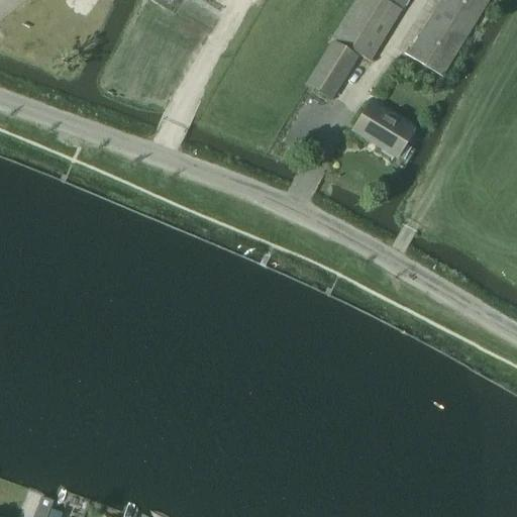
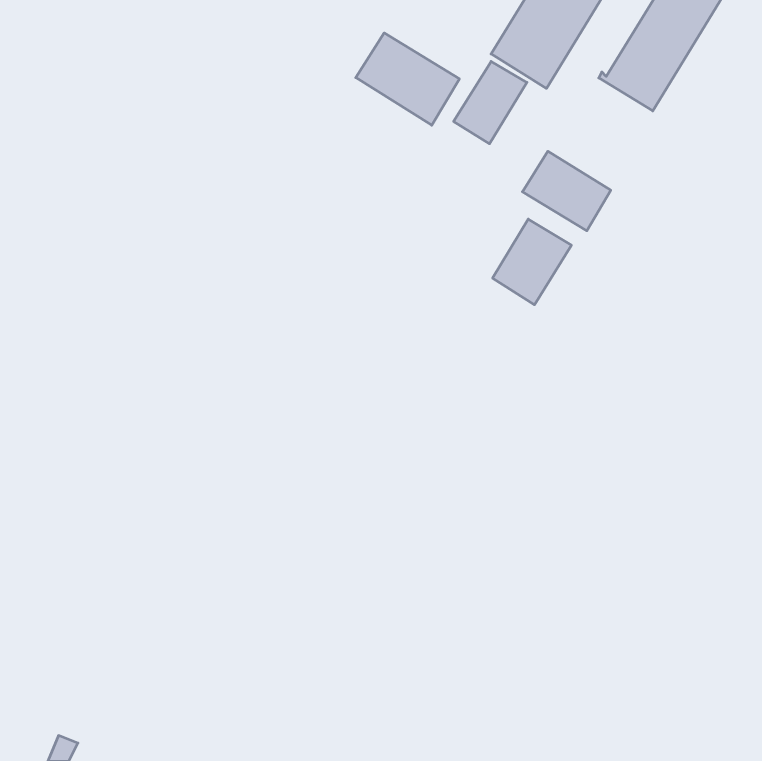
building: none -> [356,33,459,125]
building: none -> [493,219,571,305]

